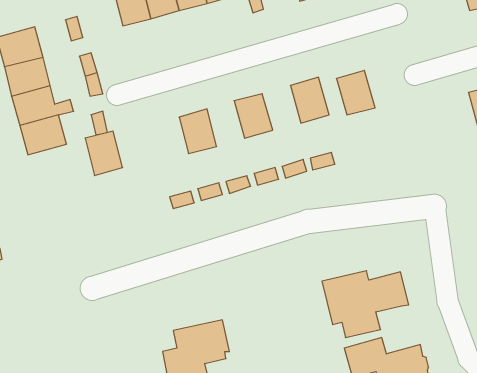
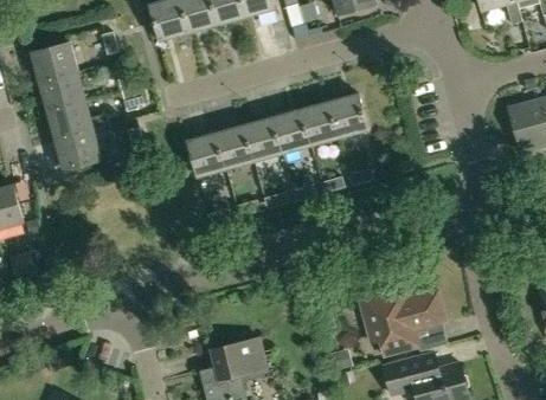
building: [336,70,375,115] -> [300,101,339,146]
building: none -> [244,116,282,162]
building: [85,131,123,176] -> [187,133,225,178]

